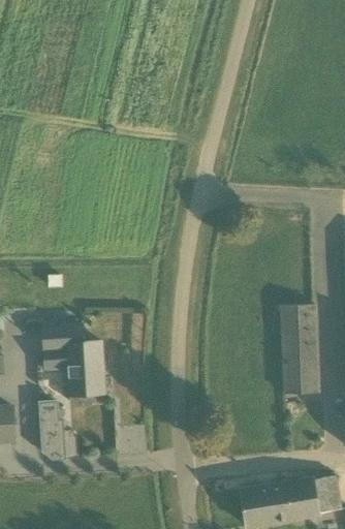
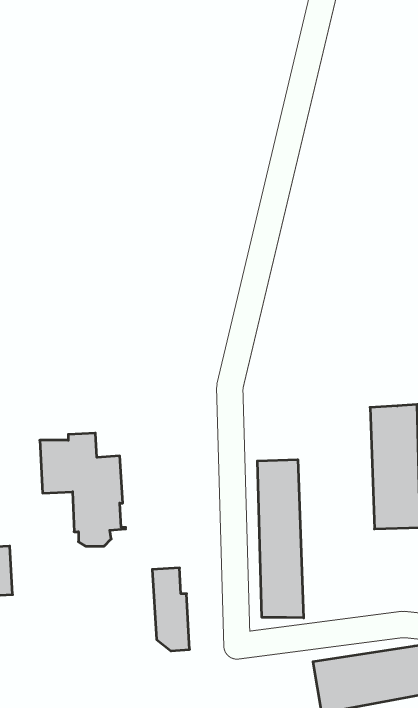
building: none -> [257,460,304,618]
building: [38,401,65,461] -> [152,568,190,651]

